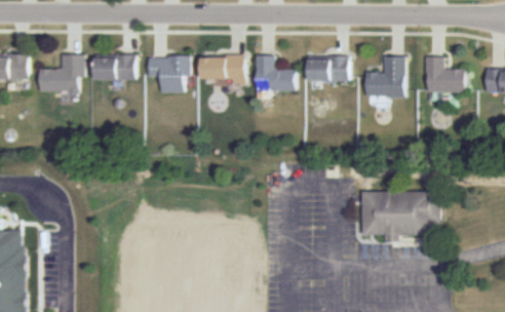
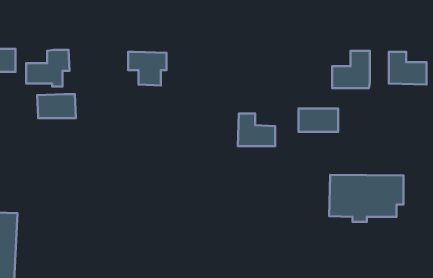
building: [93,54,134,80] -> [37,94,76,118]
building: [254,56,294,91] -> [238,114,275,146]
building: [306,56,348,81] -> [299,109,338,132]
building: [200,57,242,83] -> none

